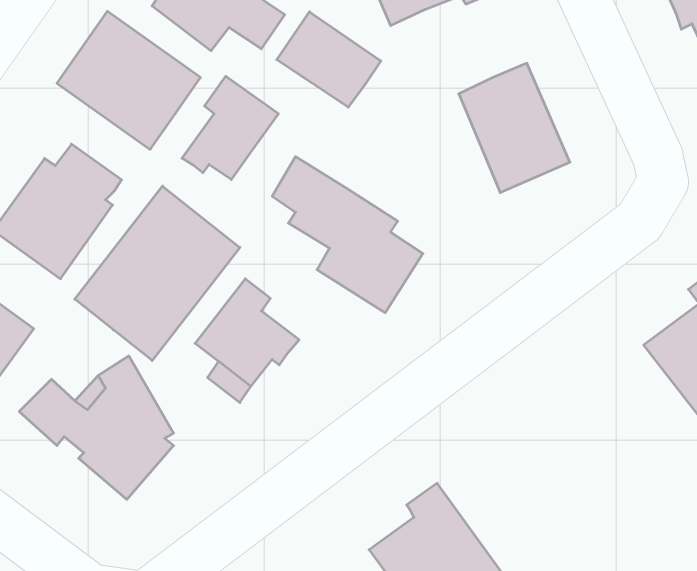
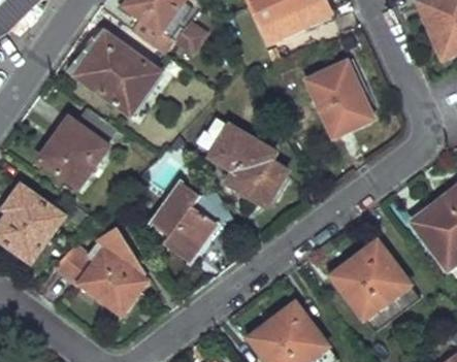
building: [277,12,381,107] -> none
building: [182,76,278,180] -> none
building: [75,186,240,361] -> none
building: none -> [335,241,419,331]

